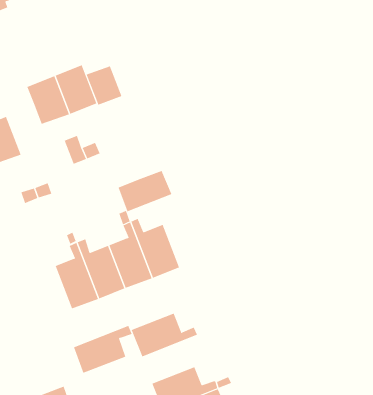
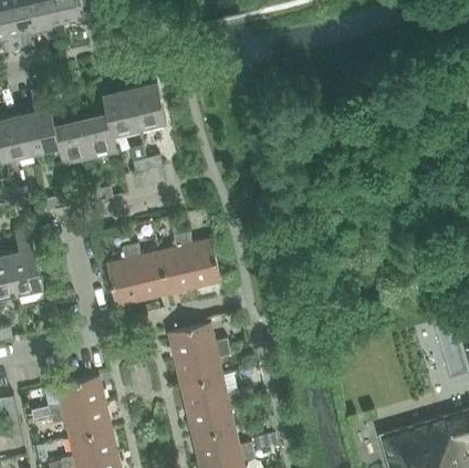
building: [86,65,122,106] -> none
building: none -> [80,114,115,158]
building: [118,170,172,212] -> none
building: [73,325,133,374] -> [174,346,230,385]

